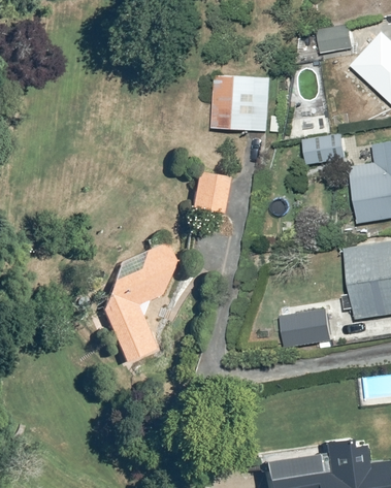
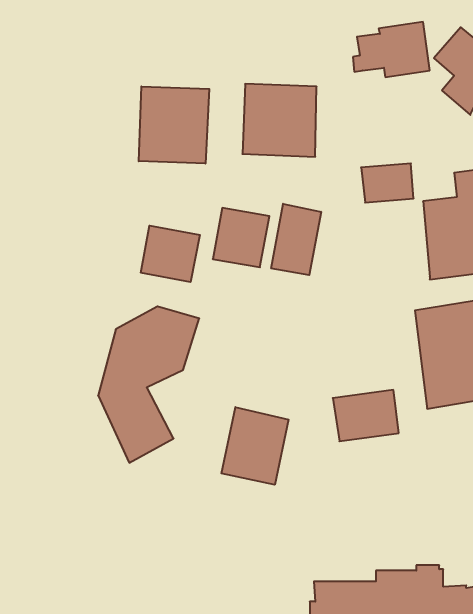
building: none -> [139,86,209,164]
building: none -> [271,204,321,275]
building: none -> [141,226,200,282]
building: none -> [221,407,289,485]

